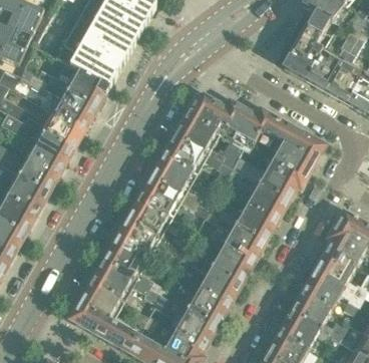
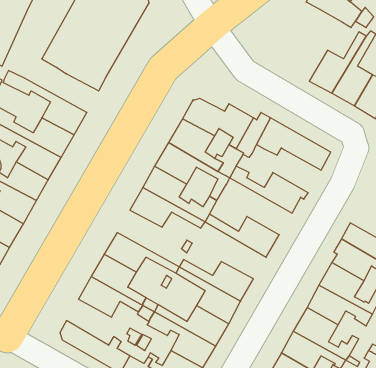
building: [283,11,335,78] -> none
building: [38,69,107,107] -> none
building: [270,142,315,183] -> none
building: [227,168,288,222] -> none
building: [124,199,187,252] -> none
building: [203,210,264,263] -> none
building: [77,282,120,325] -> none

